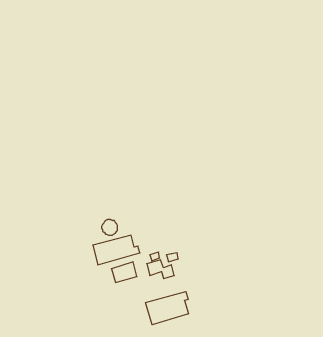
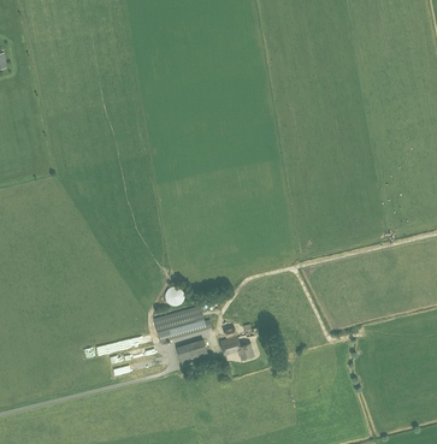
building: [145,292,188,325] -> none

